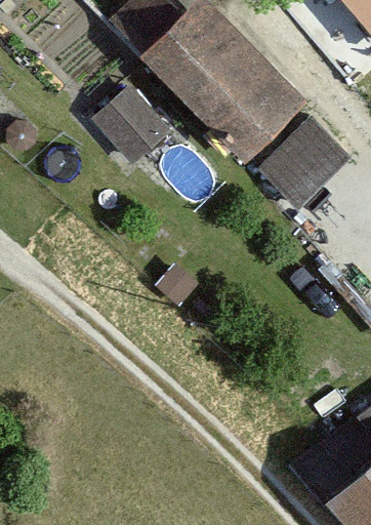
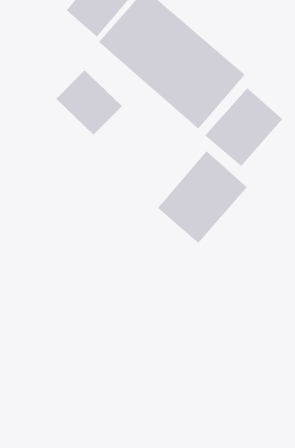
building: none -> [157,150,248,244]

